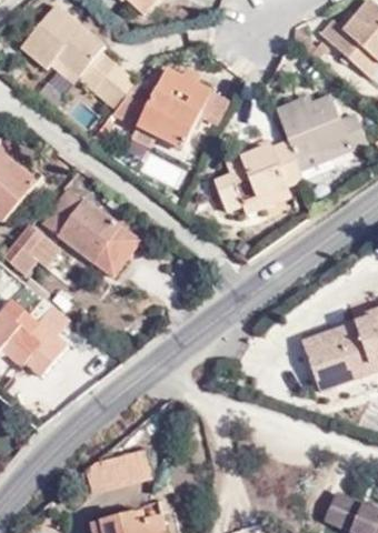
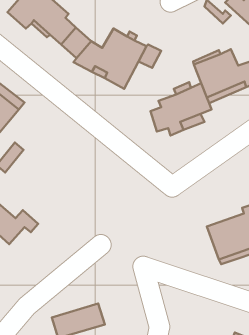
building: [44,191,130,263] -> none

